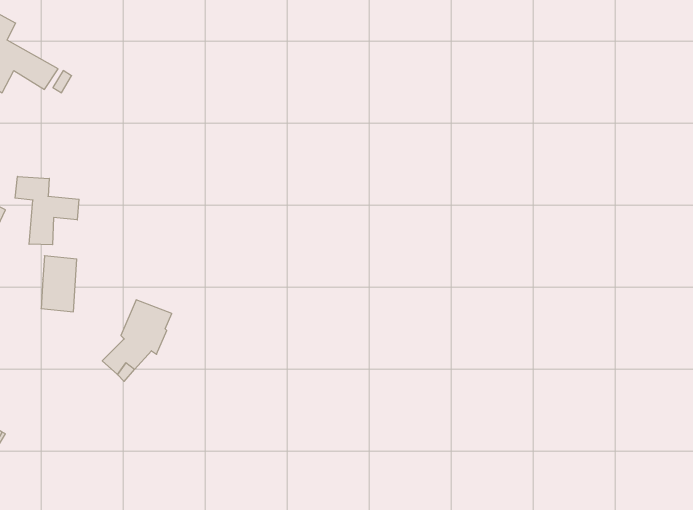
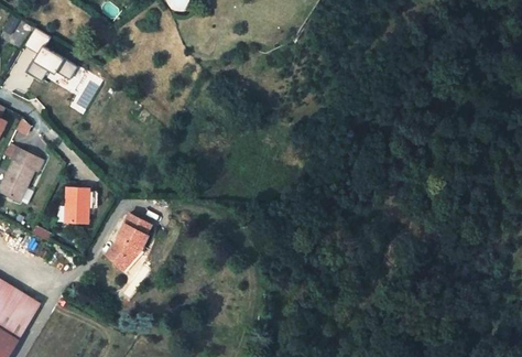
building: none -> [73,73,101,108]
building: [15,176,79,245] -> none

